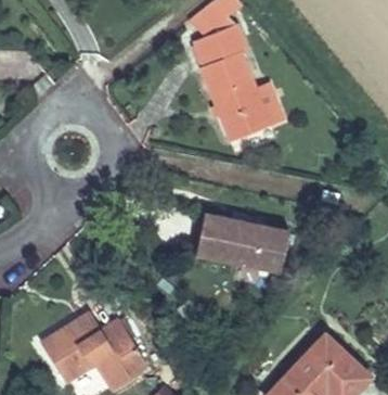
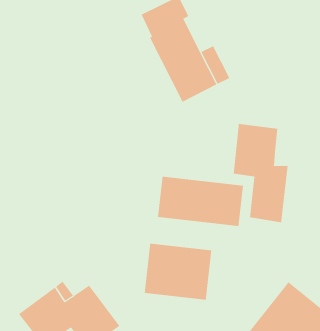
building: none -> [233,123,288,223]
building: none -> [144,243,212,301]

